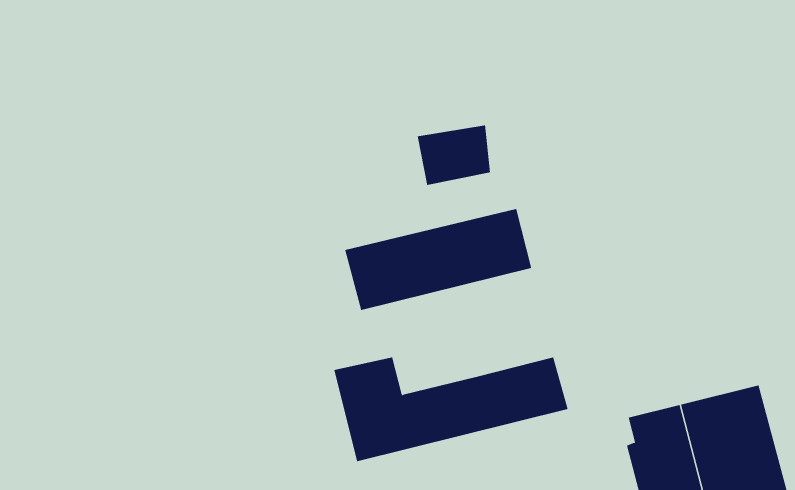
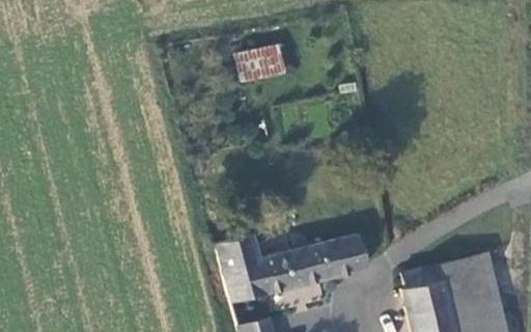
building: [417,125,491,186] -> [232,47,279,85]
building: [344,208,532,311] -> none

